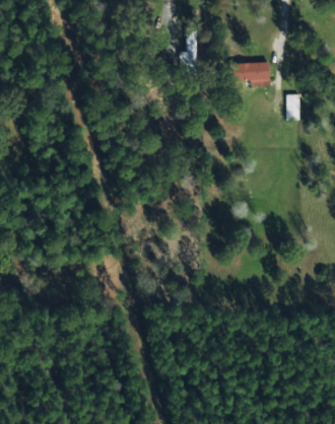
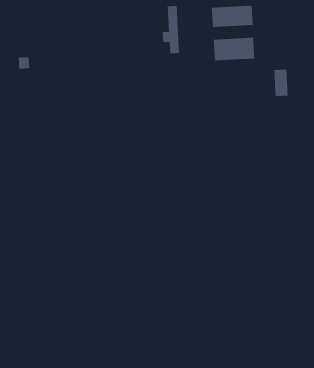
building: none -> [211,5,254,28]

